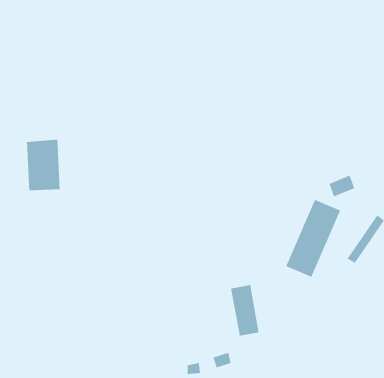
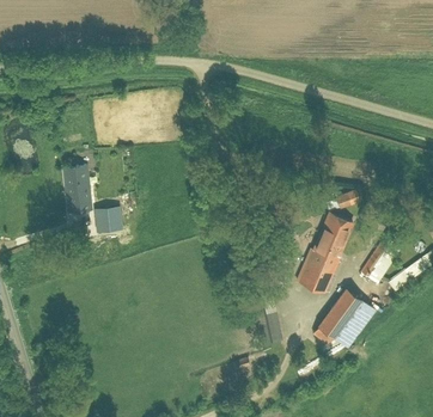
building: none -> [98,207,128,232]
building: none -> [310,290,378,350]

